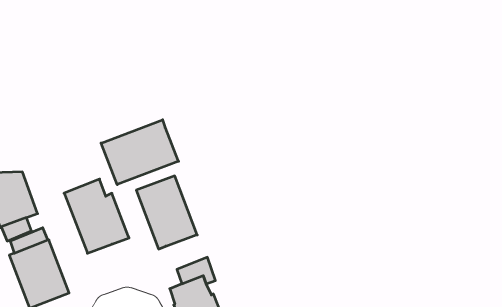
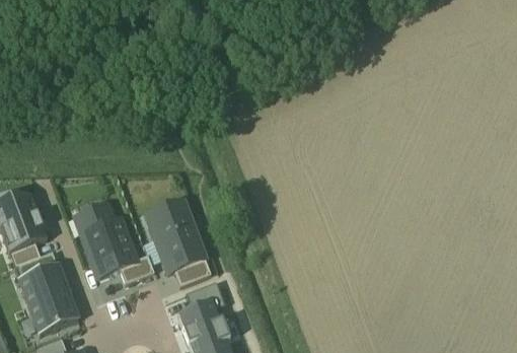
building: [101,120,179,185] -> none
building: none -> [121,256,154,283]
building: none -> [174,259,211,286]

